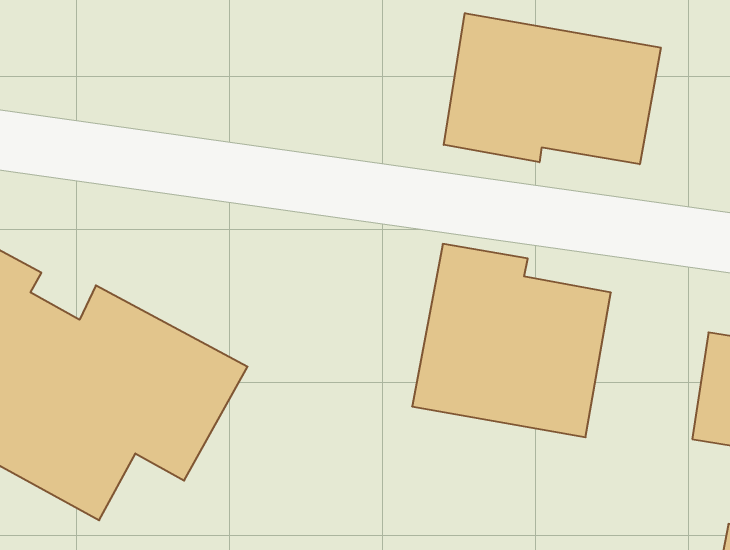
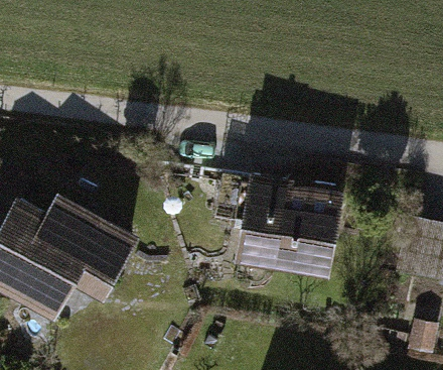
building: [444,13,661,164] -> none

